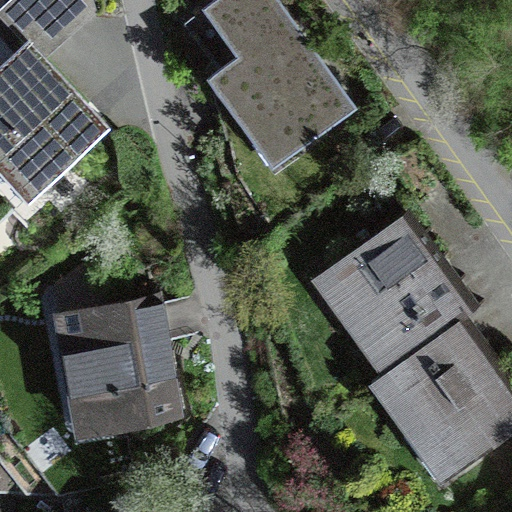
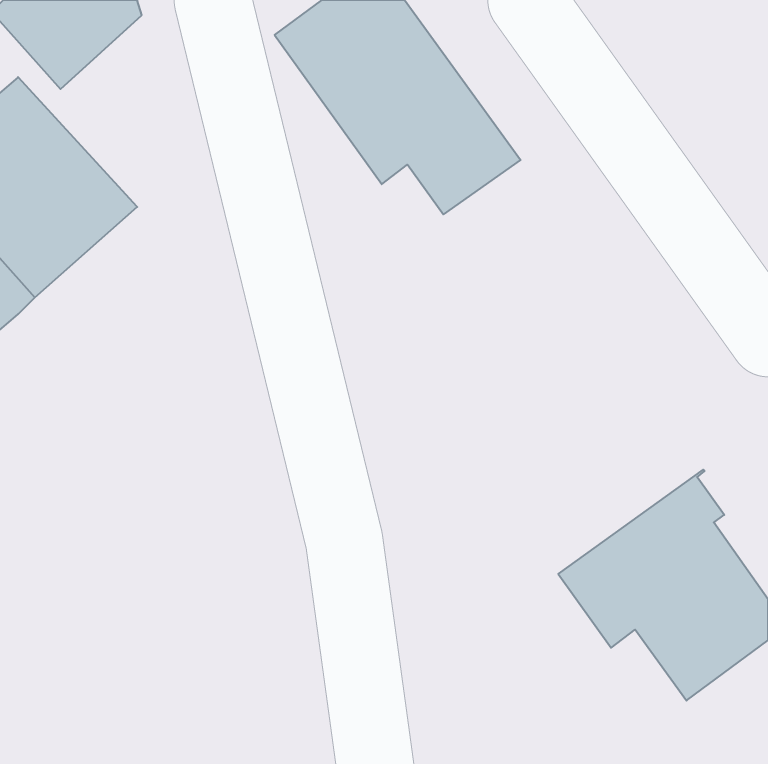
building: [330,220,473,385] -> none
building: [63,299,174,433] -> none

